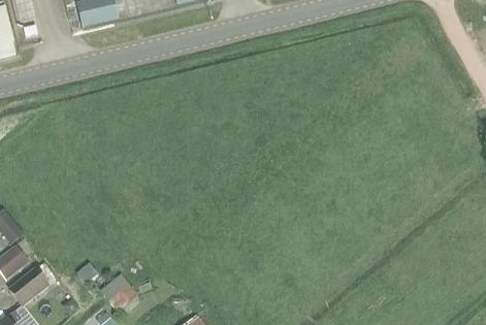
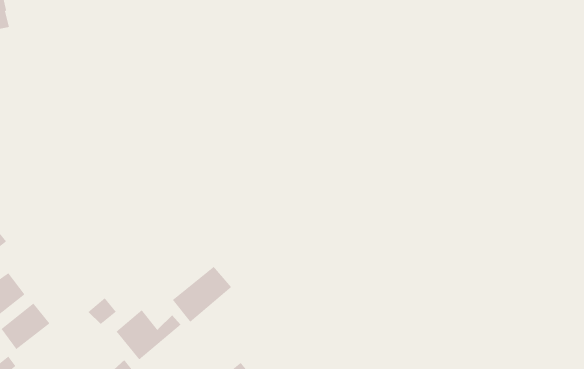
building: none -> [172,266,232,323]

